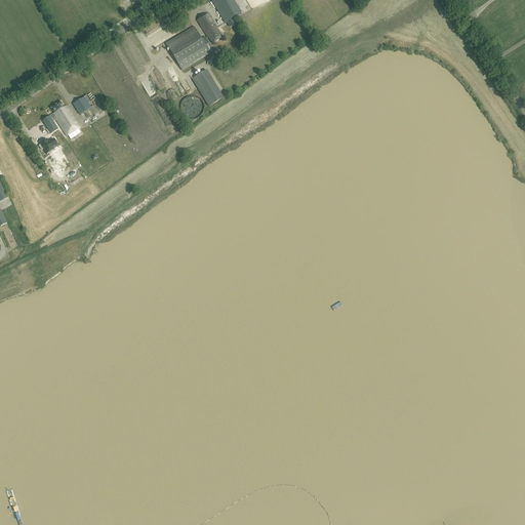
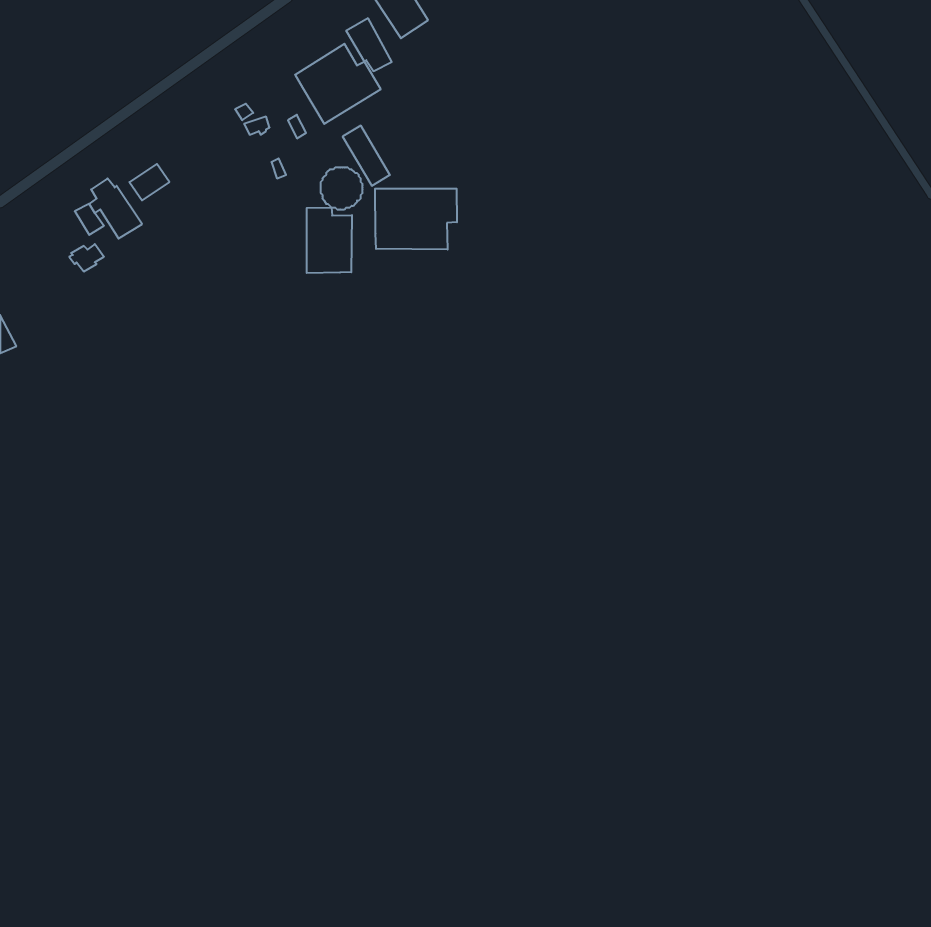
building: none -> [375,189,457,250]
building: none -> [307,208,352,273]

